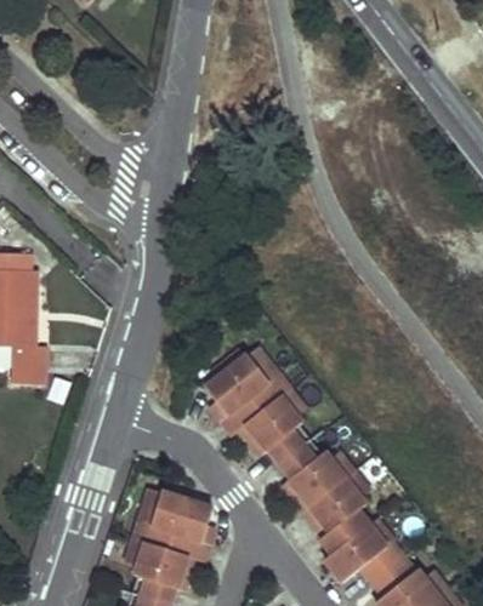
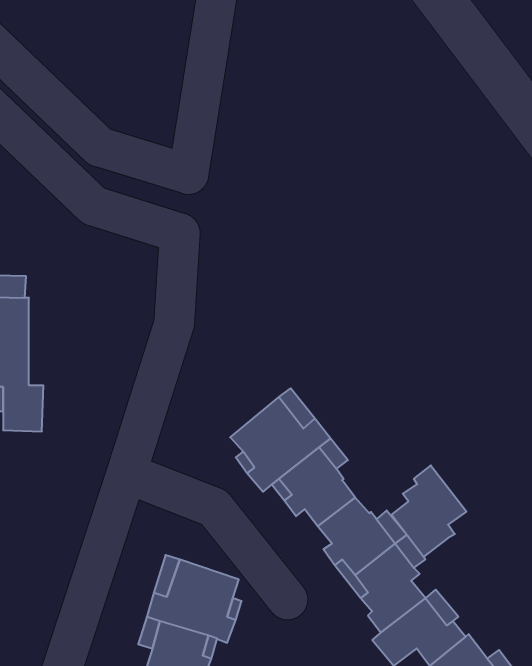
building: none -> [392,465,466,557]

